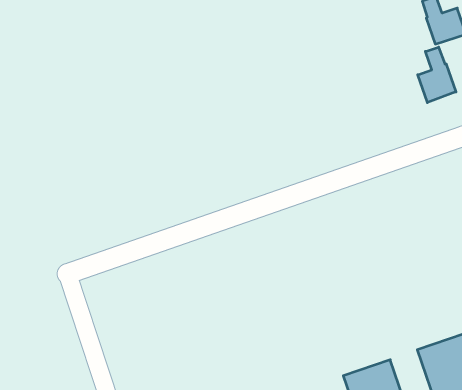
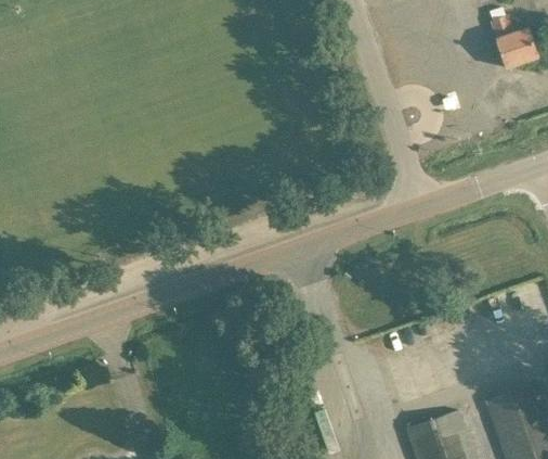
building: [418,47,456,103] -> none

